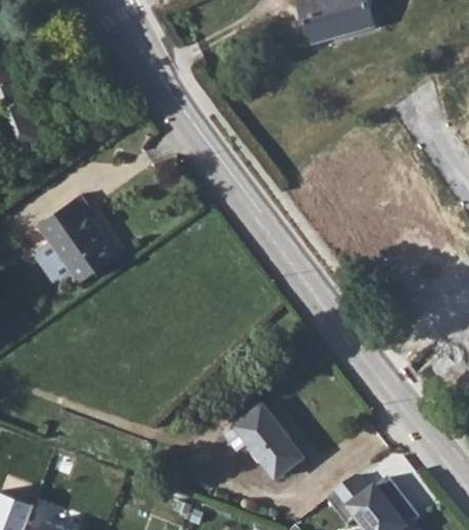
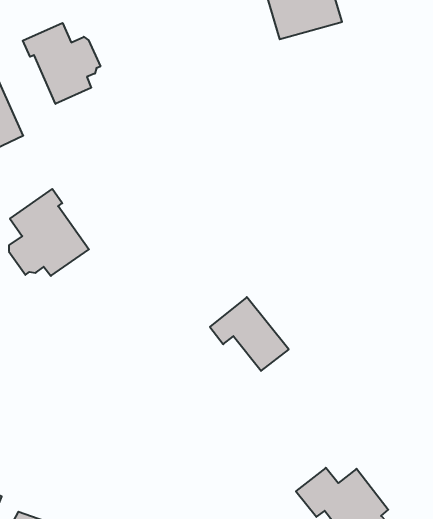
building: none -> [23,23,100,104]
building: [225,402,304,476] -> [210,297,289,371]

